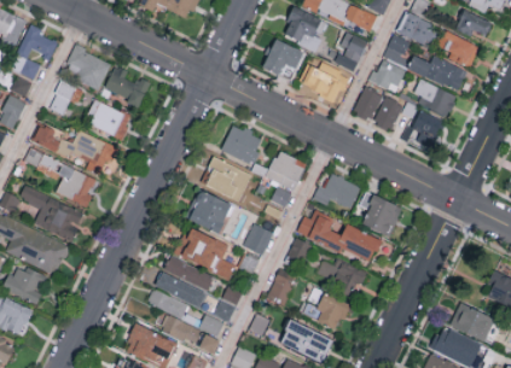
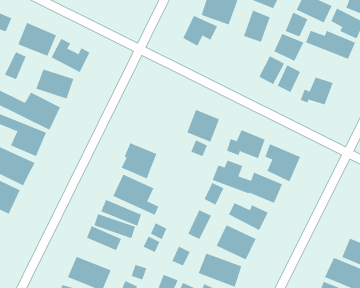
building: [303,63,350,101] -> none
building: [413,78,458,117] -> none
building: [221,124,263,163] -> none
building: [204,158,249,200] -> none
building: [243,223,272,255] -> none
building: [159,314,223,346] -> none

